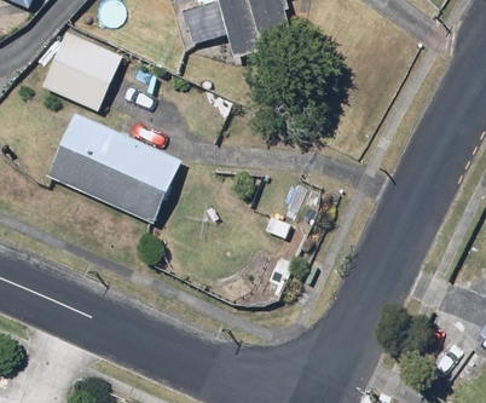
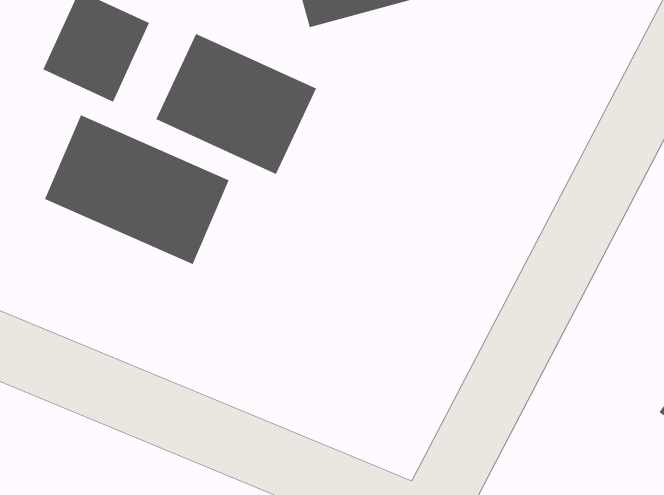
building: none -> [155,33,317,175]

